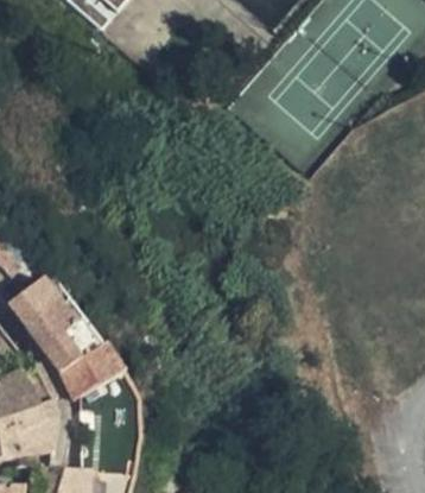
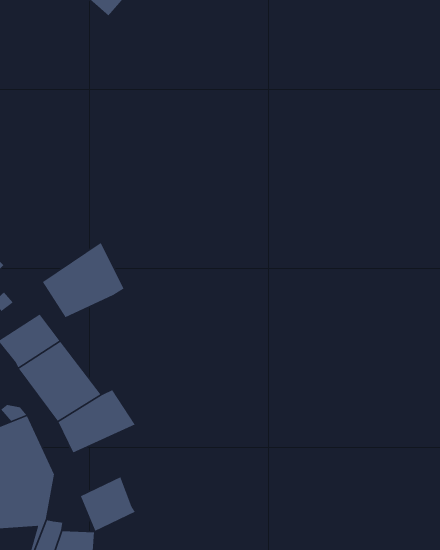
building: none -> [42,242,125,318]
building: none -> [80,476,136,532]

